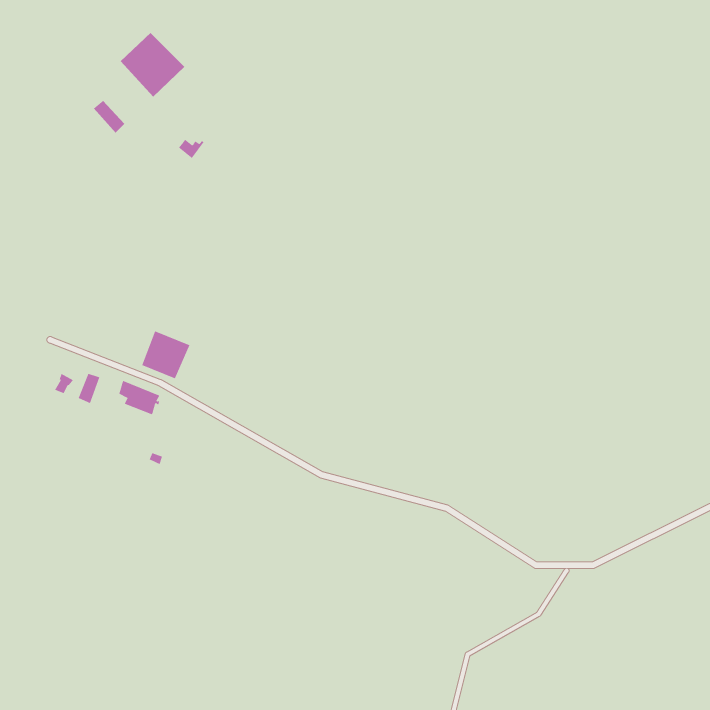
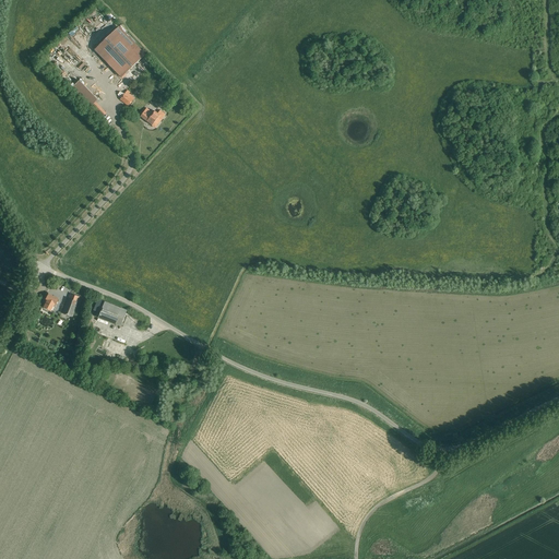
building: [142,330,190,379] -> none

